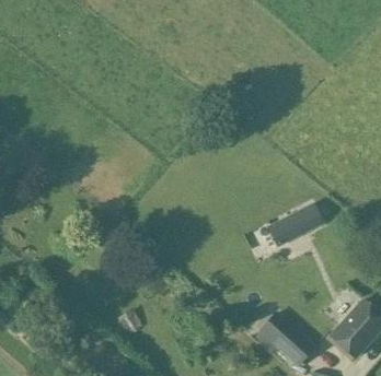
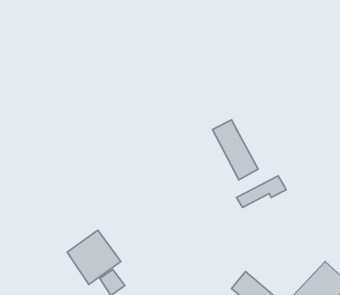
building: none -> [212,120,258,180]
building: none -> [67,230,121,284]

